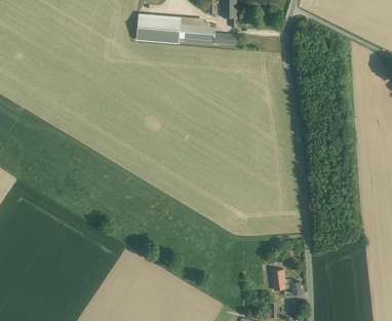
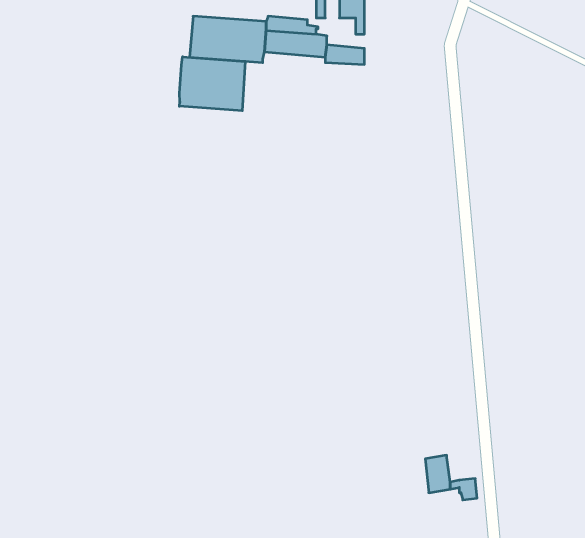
building: none -> [179,57,245,111]

